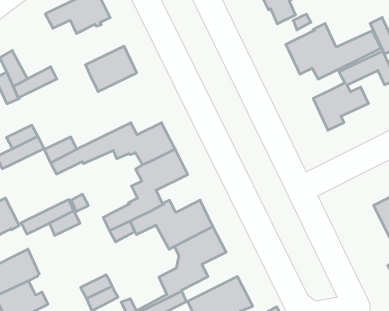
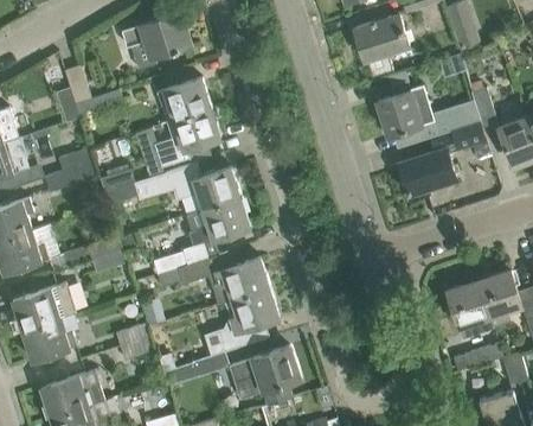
building: none -> [154,109,220,167]

